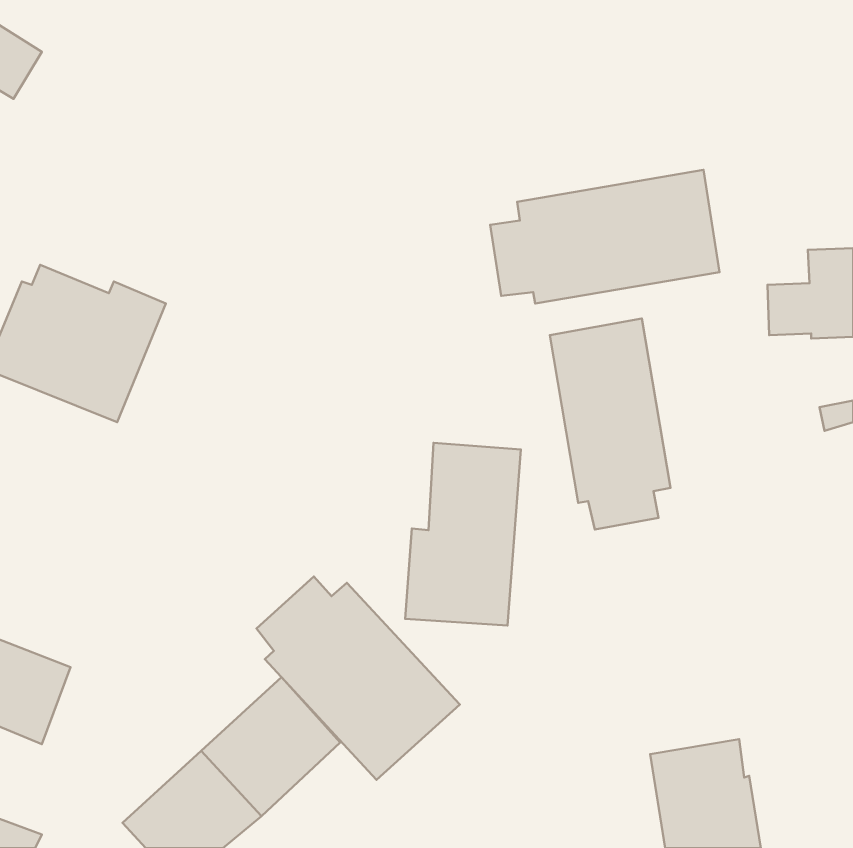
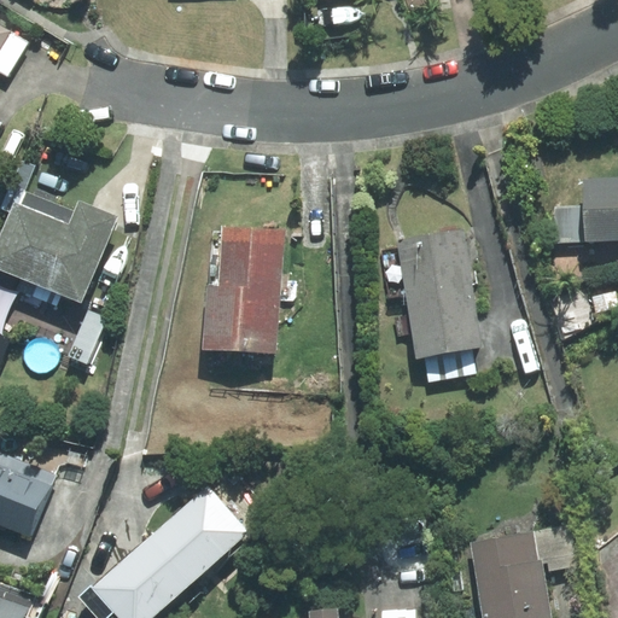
building: [490,170,720,303] -> none
building: [405,443,521,626] -> [200,226,284,357]
building: [256,577,460,780] -> none

